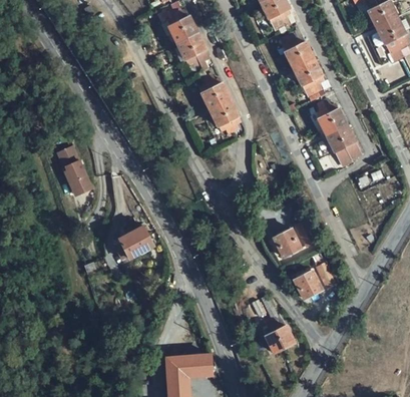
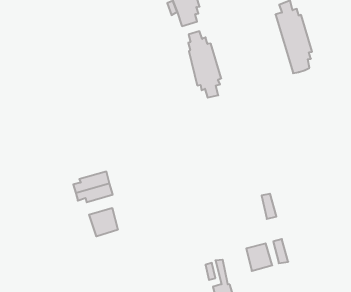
building: [317,98,363,166] -> none
building: [57,145,92,194] -> none
building: [274,230,301,258] -> none
building: none -> [89,208,118,236]

